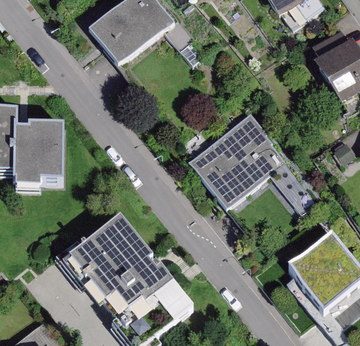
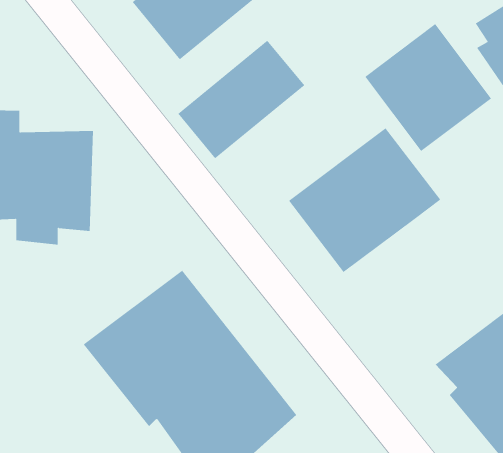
building: none -> [365,23,492,152]
building: none -> [177,40,305,159]

